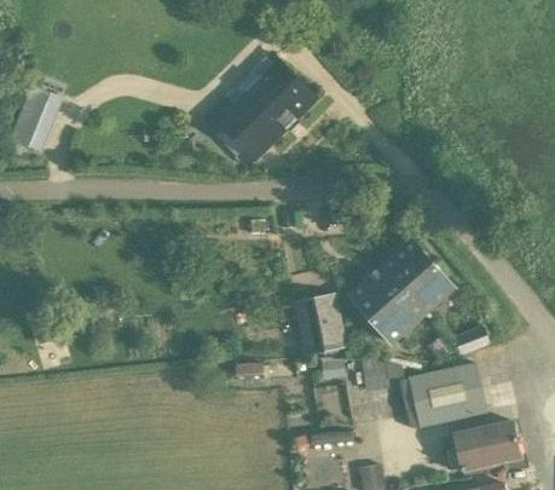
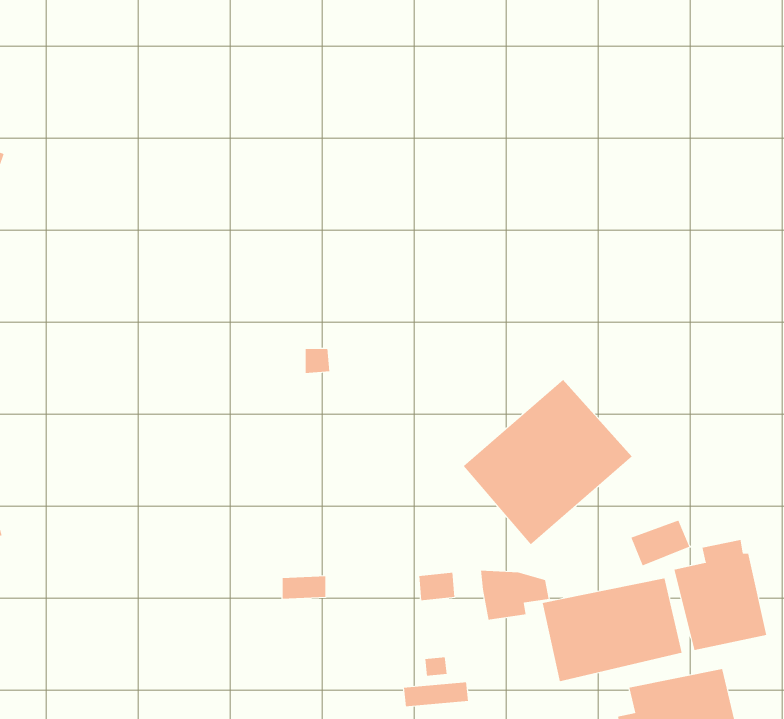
building: [218,60,316,158] -> none
building: [277,277,345,354] -> none
building: none -> [674,539,767,651]

